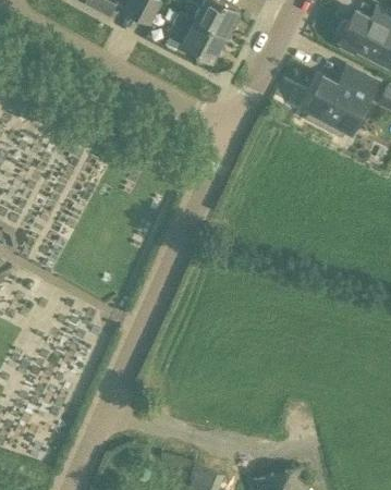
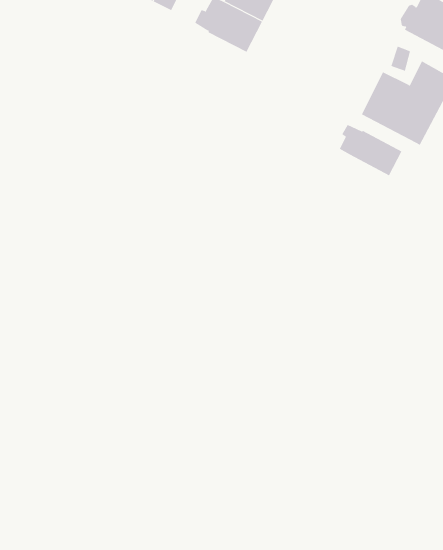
building: none -> [339,124,402,176]

